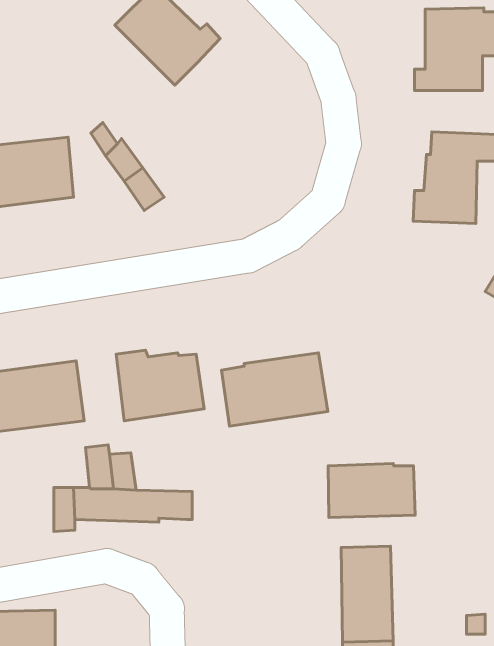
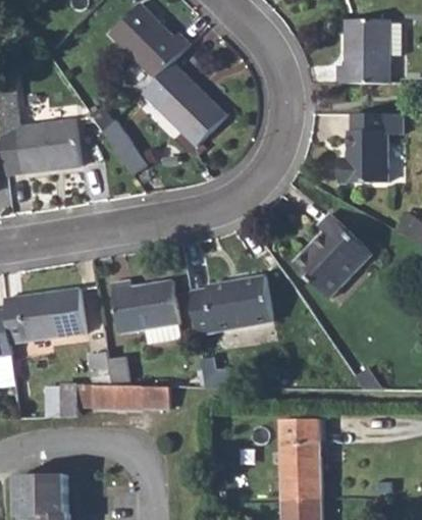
building: none -> [142,59,226,144]
building: none -> [288,216,367,301]
building: [328,464,415,518] -> none

